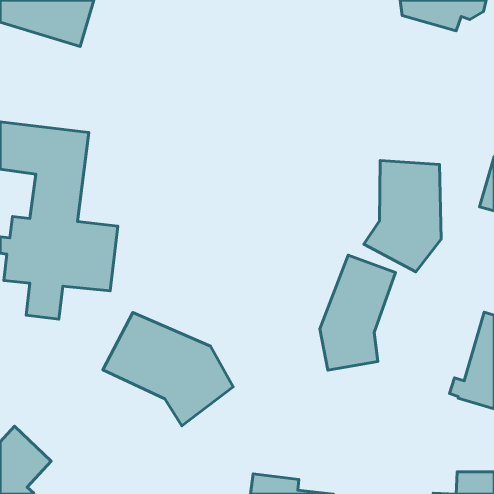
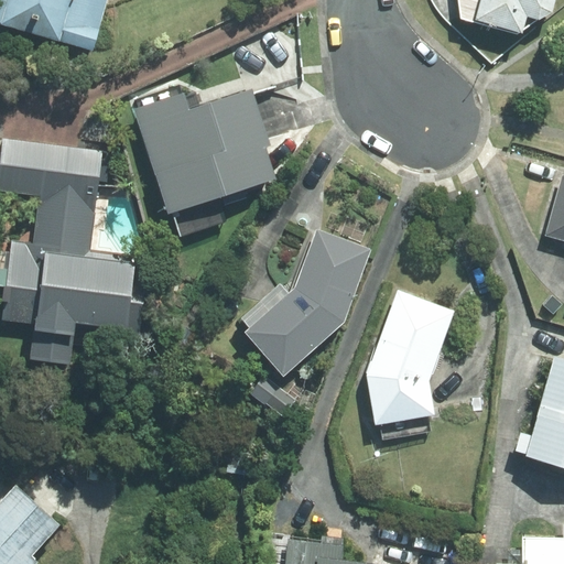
building: none -> [134,91,274,214]
building: [364,160,441,272] -> none
building: none -> [246,232,368,377]
building: [103,313,233,426] -> none

